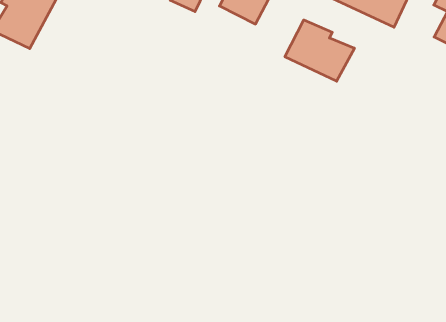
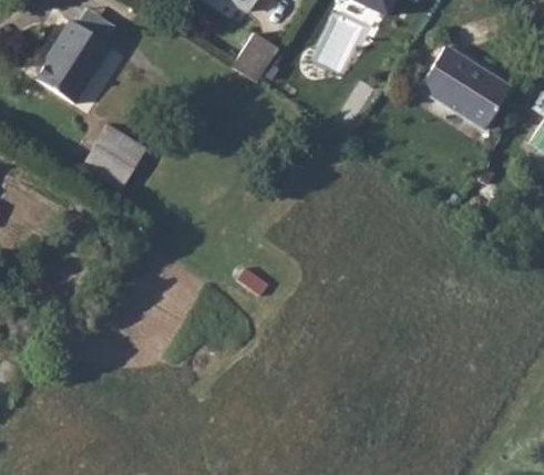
building: [285,20,354,81] -> none
building: none -> [86,125,151,186]

